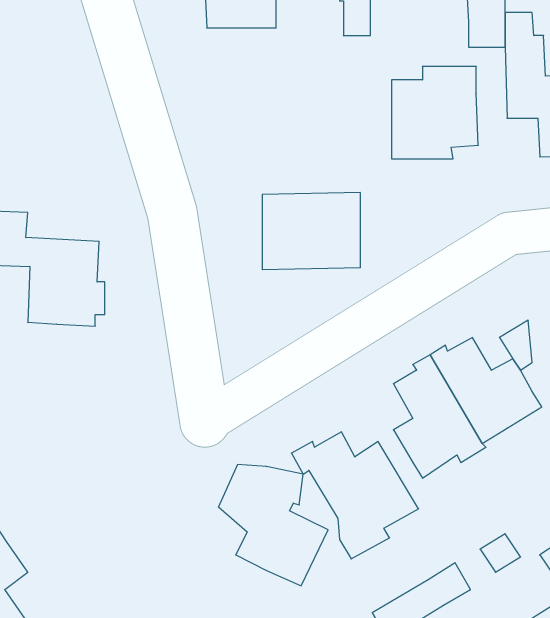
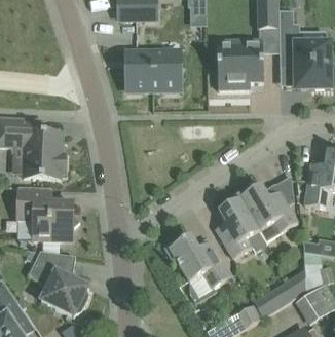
building: [262,193,360,270] -> [126,49,179,90]
building: none -> [14,186,79,239]
building: [218,465,328,586] -> [29,251,87,315]

